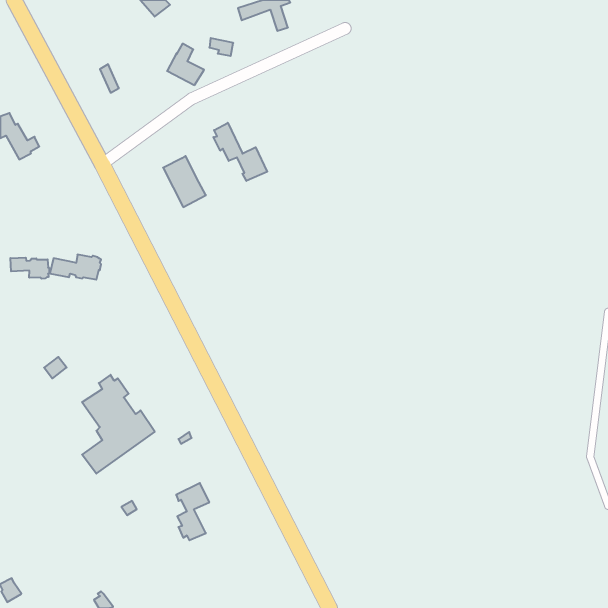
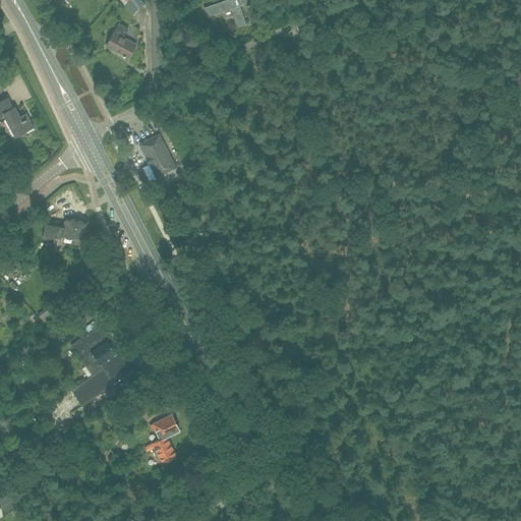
building: [167,44,204,85] -> [106,22,137,58]
building: [213,123,267,181] -> none
building: [10,258,49,279] -> none

